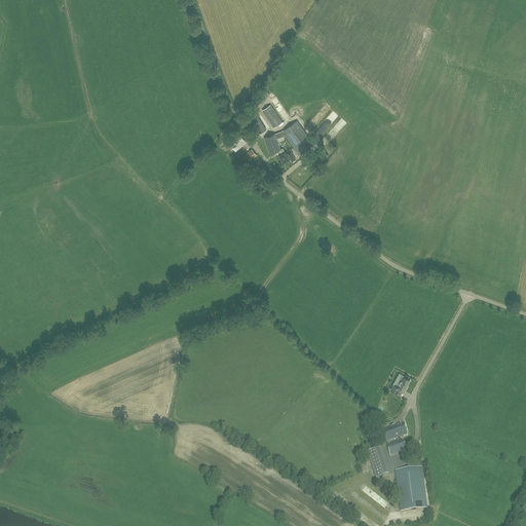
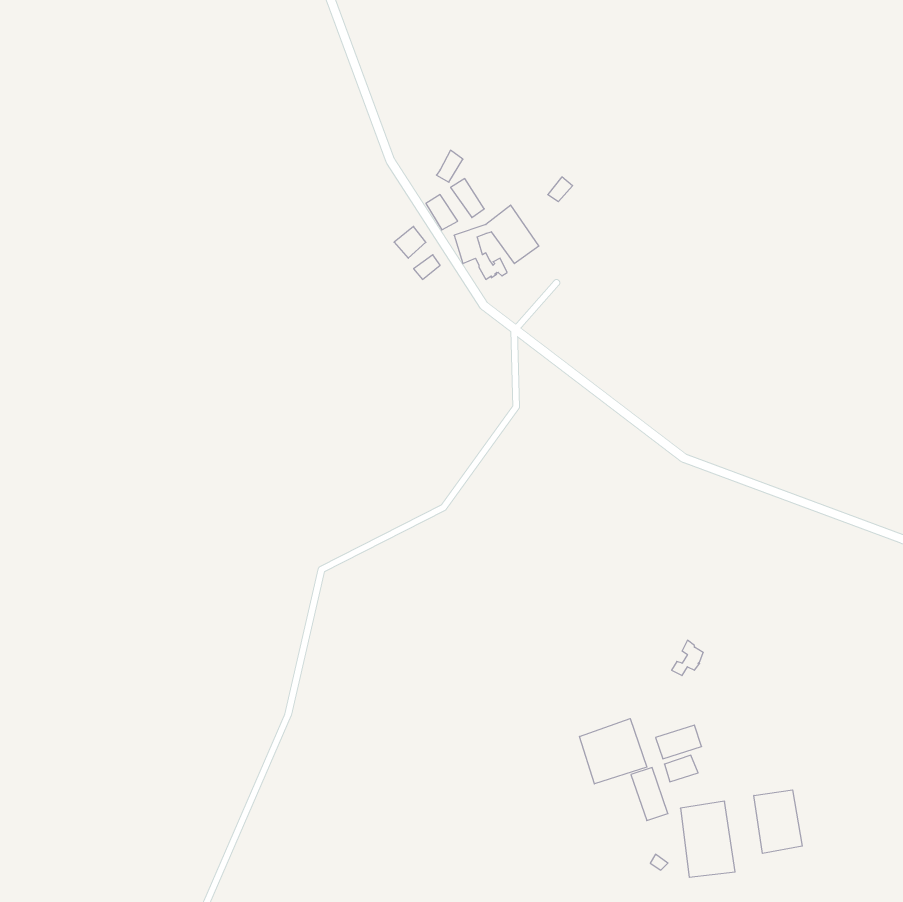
building: none -> [580,719,647,784]
building: none -> [754,790,802,853]

